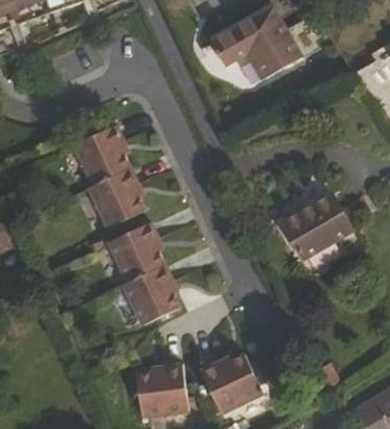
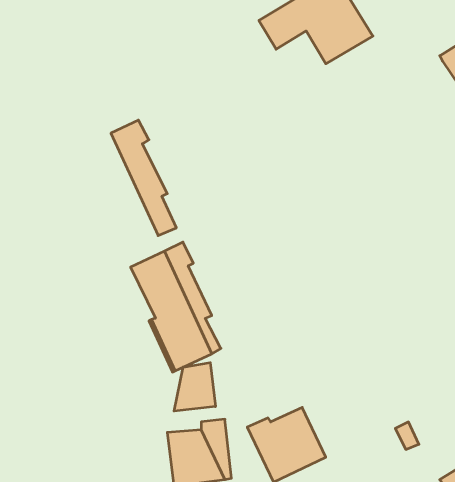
building: [74,135,131,227] -> none
building: [283,196,354,262] -> none
building: none -> [174,363,215,411]

